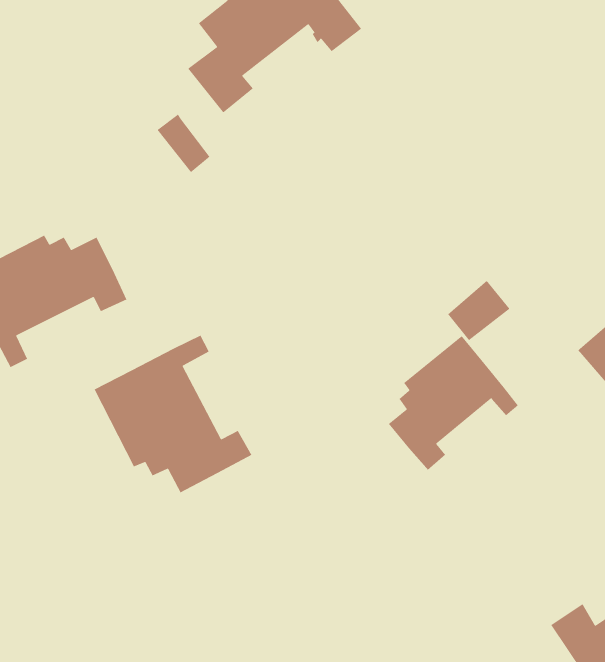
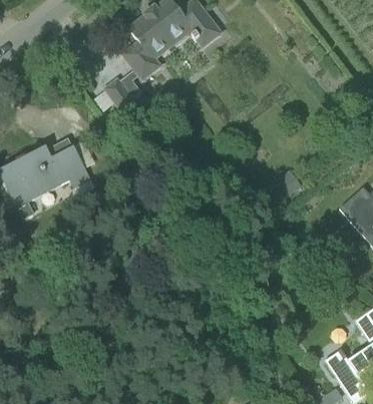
building: [94,334,252,494] -> none
building: [388,335,519,471] -> none

